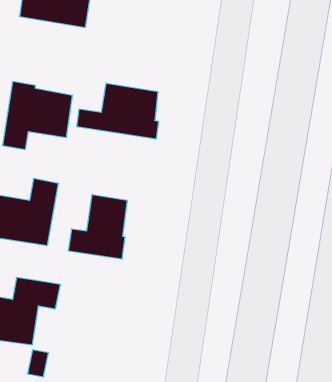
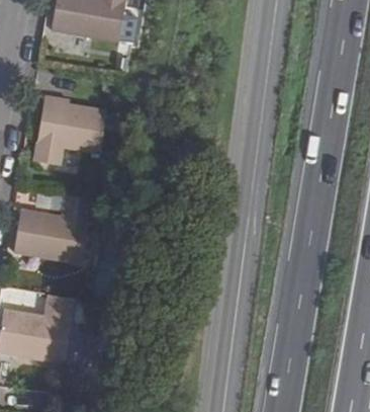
building: [77,83,158,139] -> none
building: [69,194,127,259] -> none

